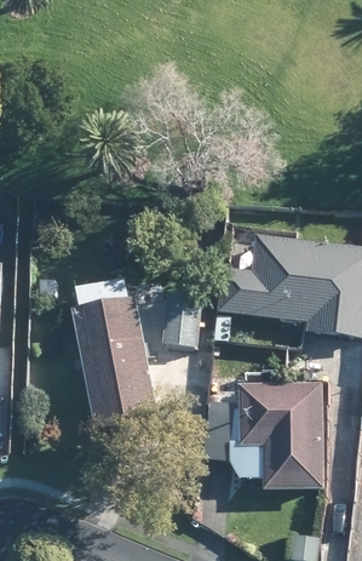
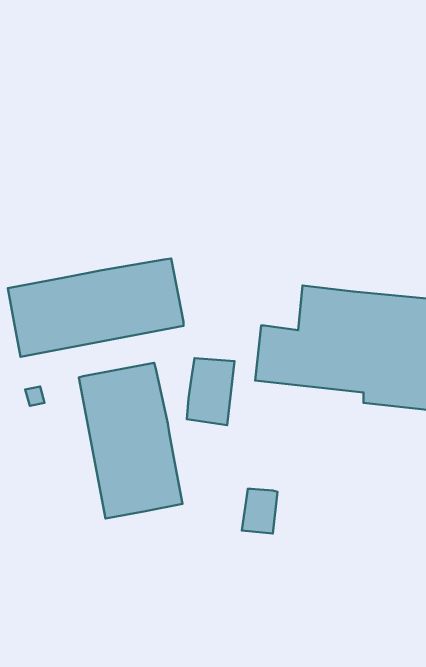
building: none -> [8,259,183,357]
building: [241,382,326,488] -> none

